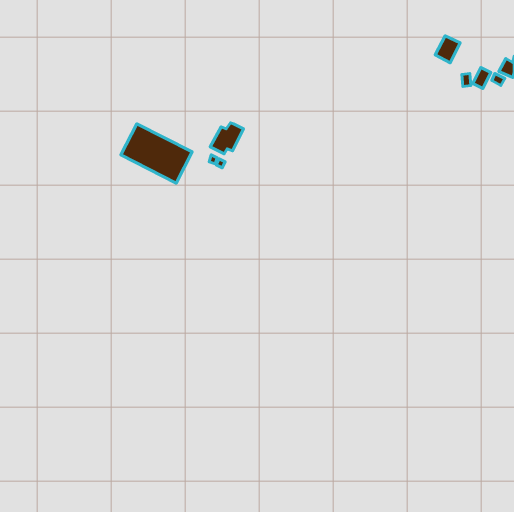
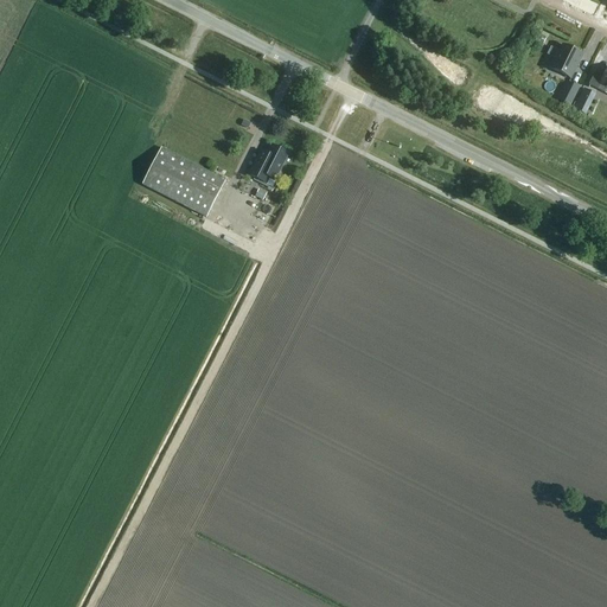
building: [435,36,460,63] -> [551,44,581,76]

